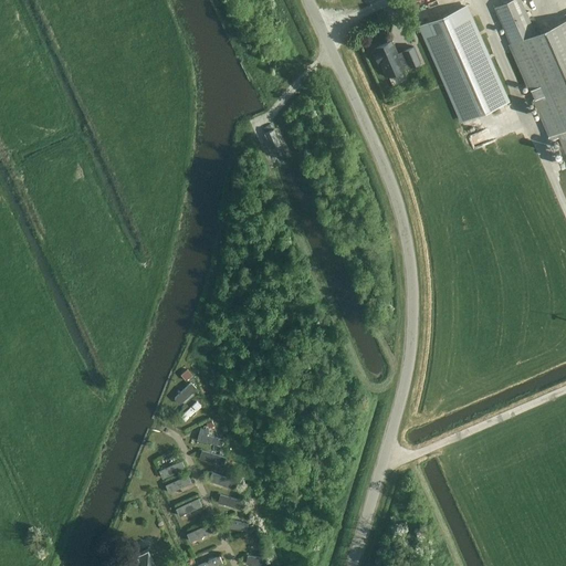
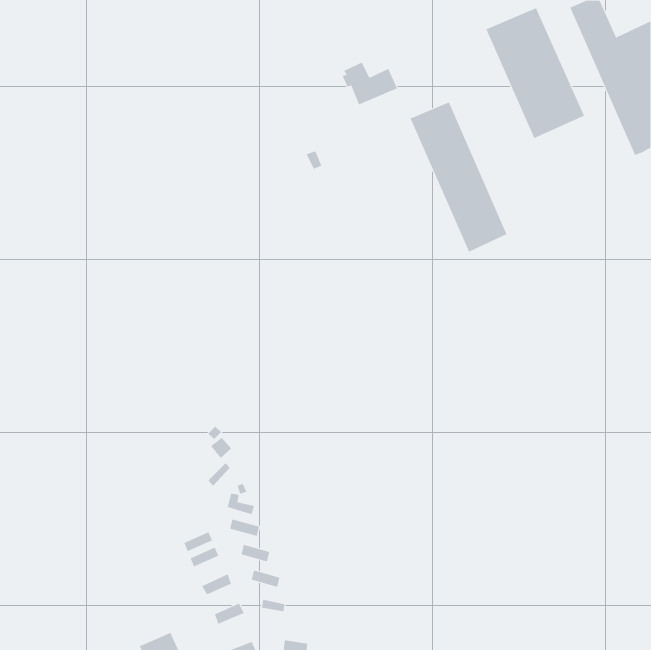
building: [373,41,421,78] -> [342,62,398,105]
building: none -> [410,101,507,252]

